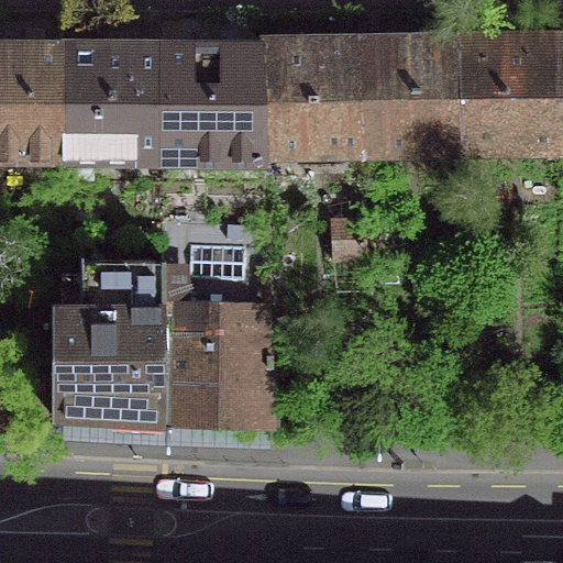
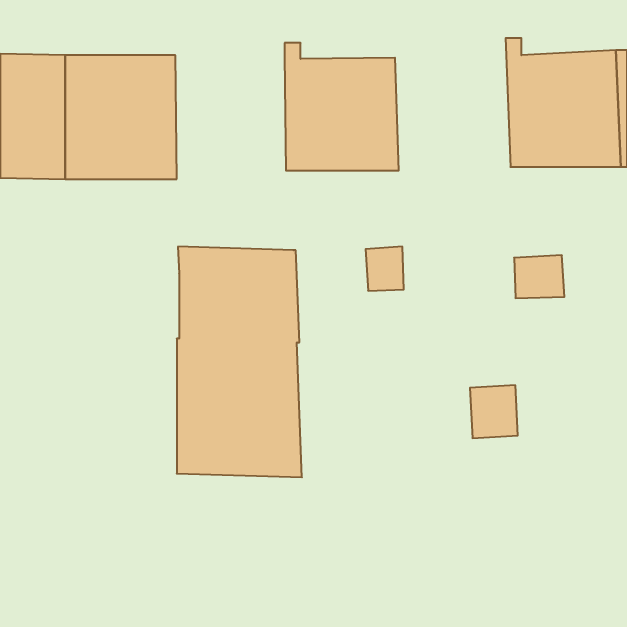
building: [354,34,457,153] -> none
building: [157,49,260,161] -> none
building: [51,245,161,424] -> none

